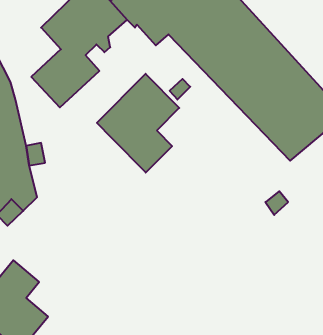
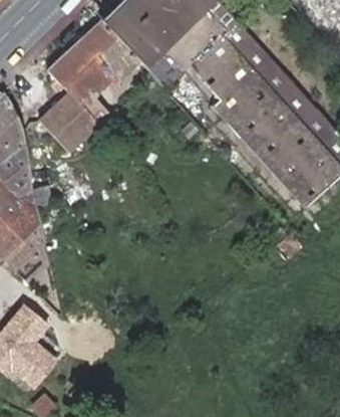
building: [97,74,179,173] -> none

